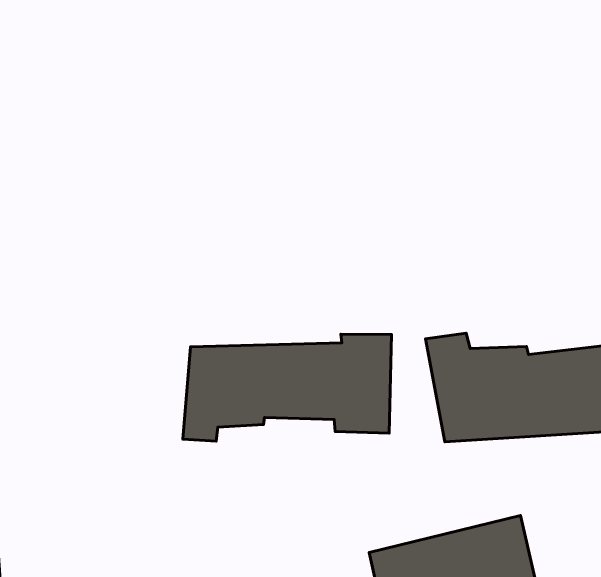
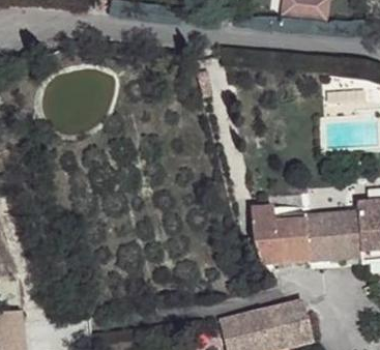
building: [183,334,392,441] -> none

